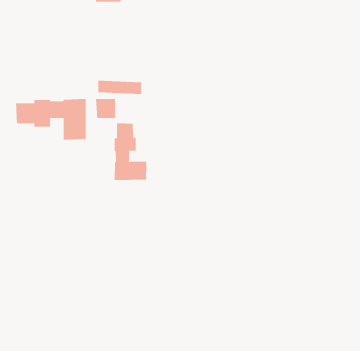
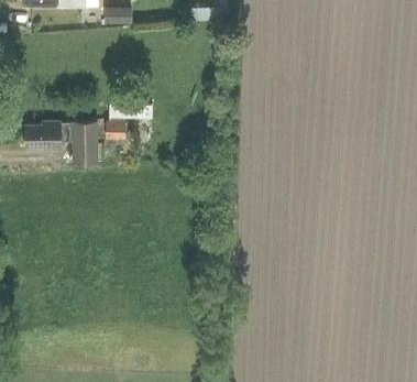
building: [114,123,147,181] -> none

